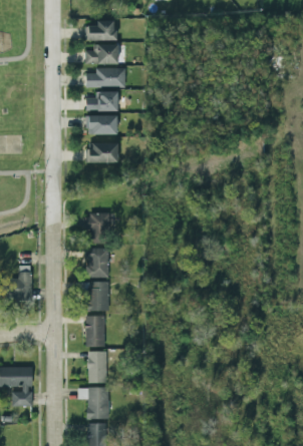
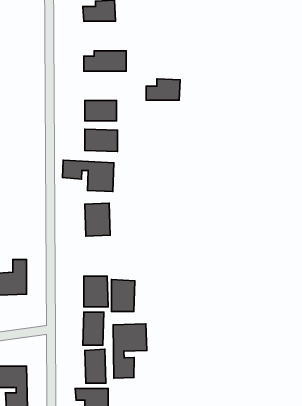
building: [84,44,118,64] -> none
building: [85,91,117,111] -> [146,79,180,100]
building: none -> [63,160,114,191]
building: [86,248,108,278] -> [112,280,135,311]
building: none -> [113,324,147,378]

